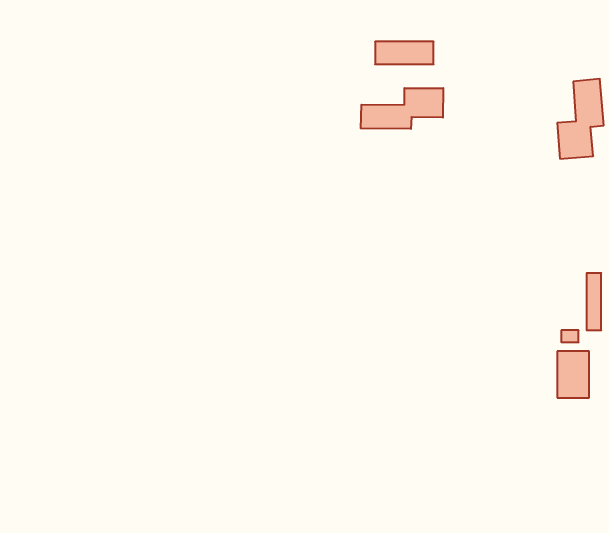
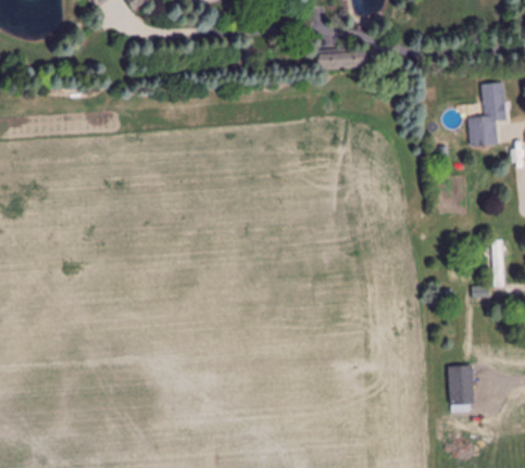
building: [361,88,443,129] -> none
building: [557,351,589,398] -> [448,366,474,404]

